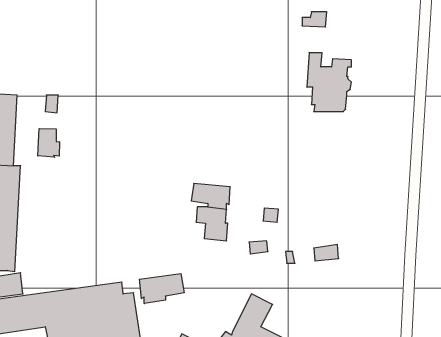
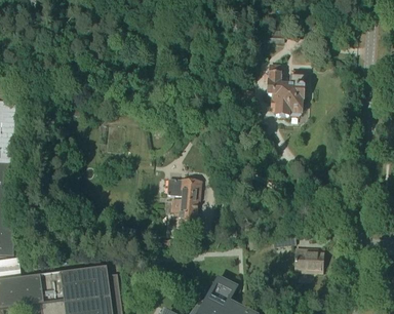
building: [38,129,59,157] -> none
building: none -> [294,248,324,273]
building: [139,274,184,304] -> none

